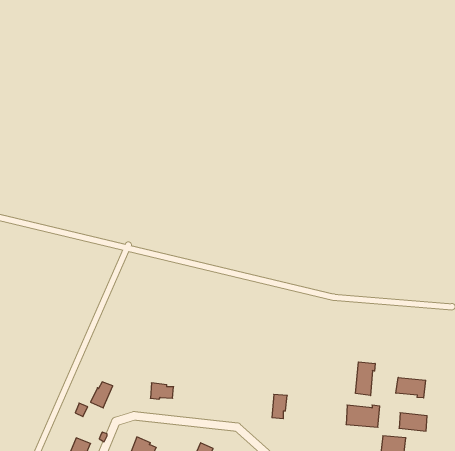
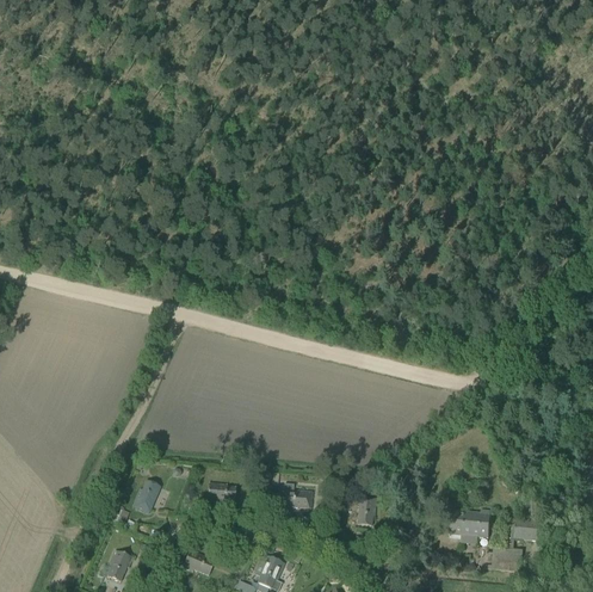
building: [356,362,375,396] -> none
building: [396,377,426,398] -> none
building: none -> [282,483,311,508]

